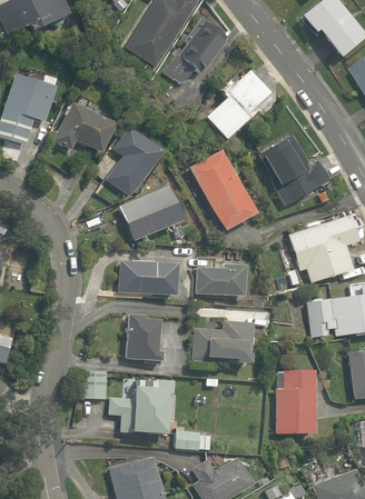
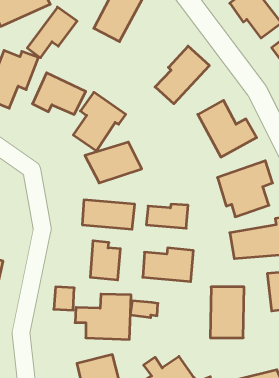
building: [164,22,226,86] -> [27,7,77,58]
building: [190,149,259,231] -> none
building: [174,429,208,450] -> [130,301,158,318]

